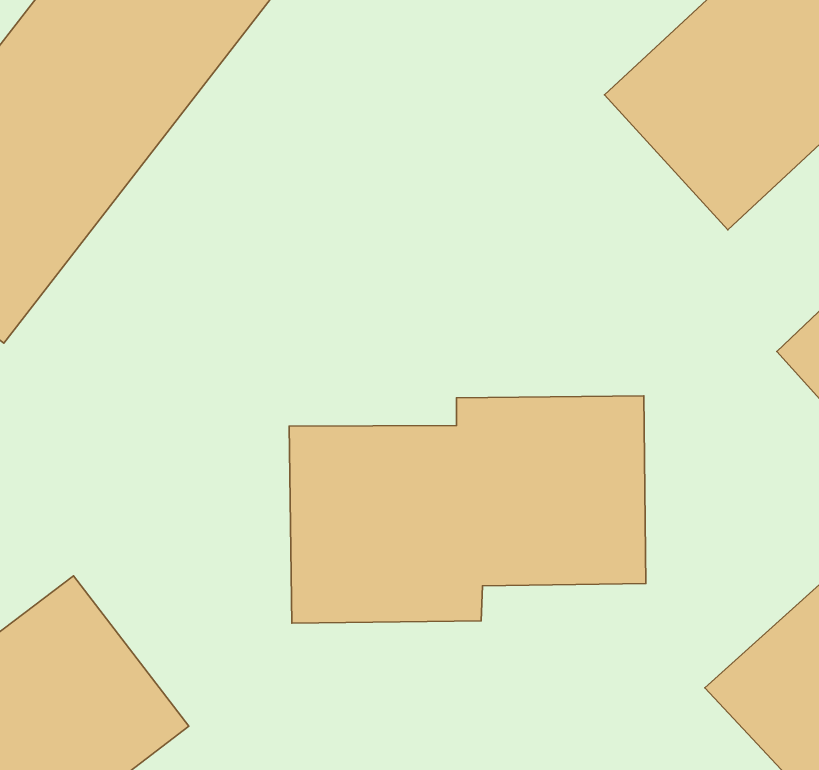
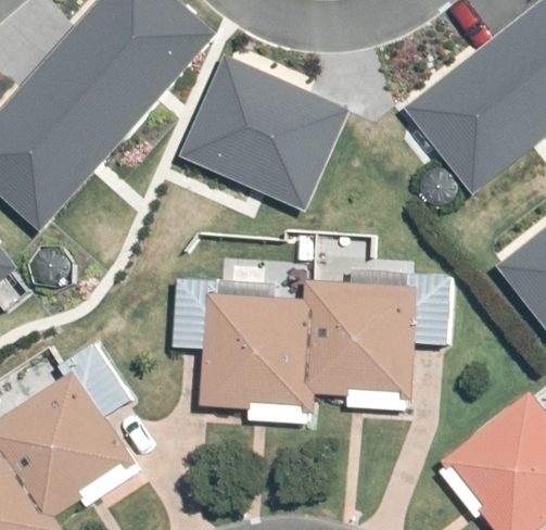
building: none -> [179,58,347,211]

